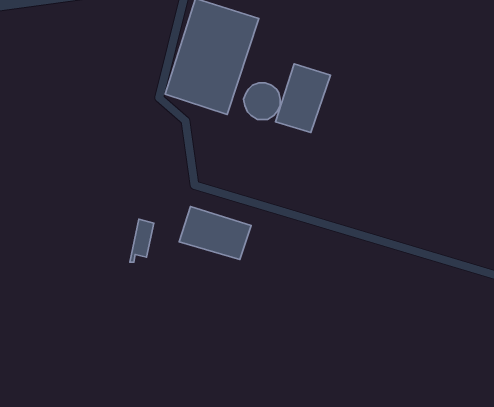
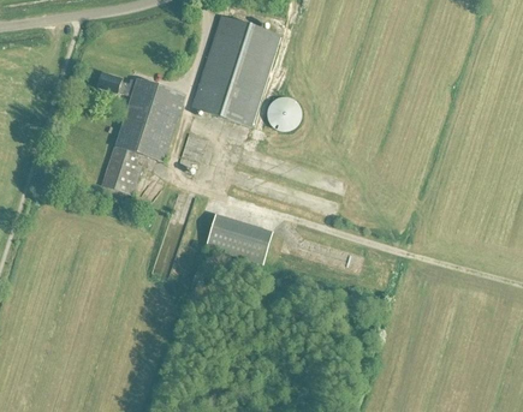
building: none -> [96,73,184,195]
building: [275,64,331,132] -> none

